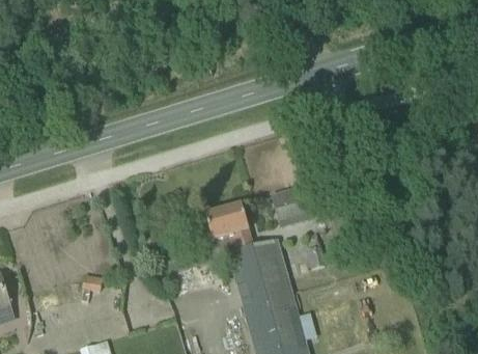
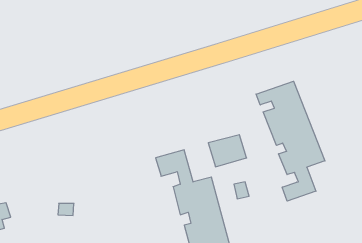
building: none -> [256,81,325,201]

